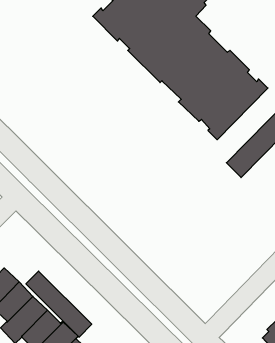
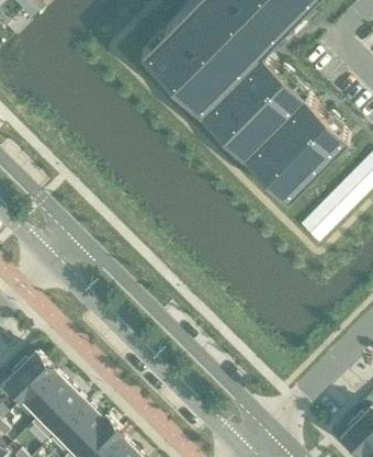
building: [26,271,92,337] -> none

